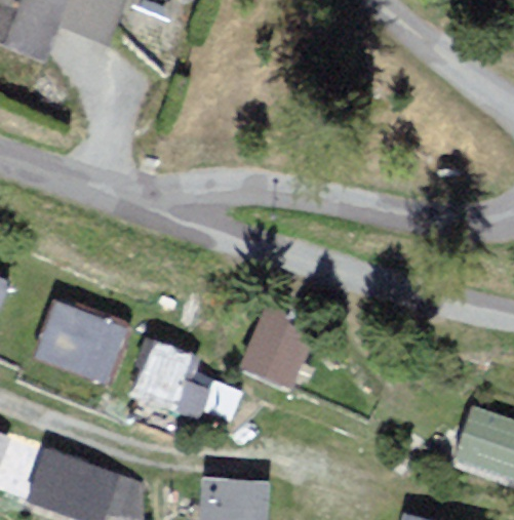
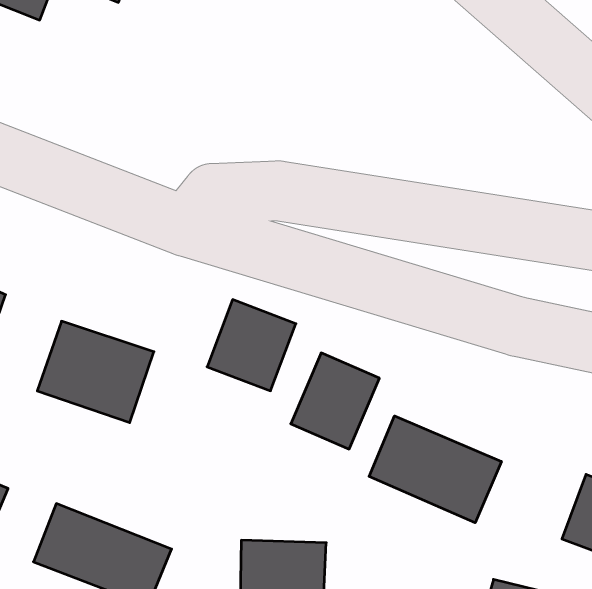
building: [130,337,202,411] -> [207,300,296,391]
building: none -> [369,416,501,523]

